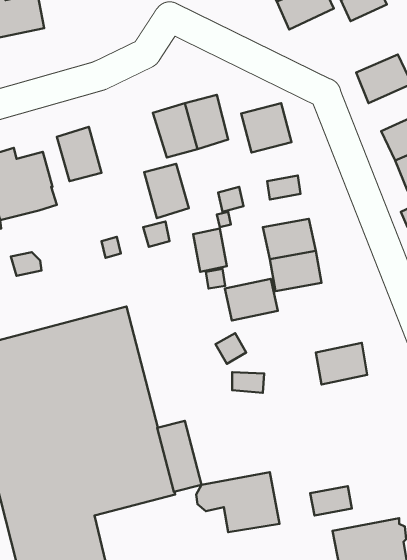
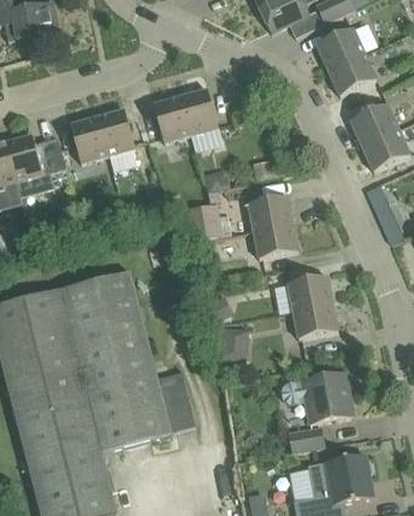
building: none -> [317,28,365,70]
building: [241,103,291,152] -> none
building: [144,164,189,218] -> [97,109,136,156]
building: [225,279,278,321] -> [288,275,333,312]
building: [196,472,280,532] -> [282,372,354,423]

